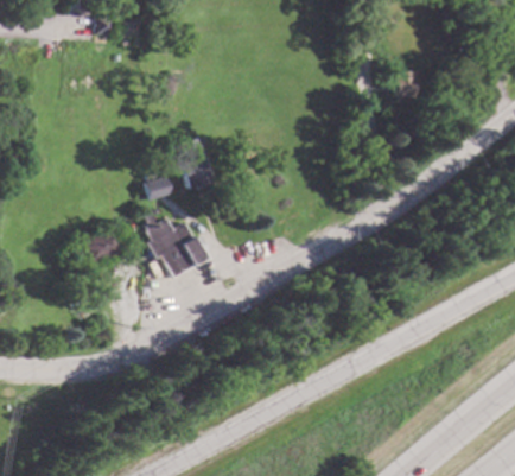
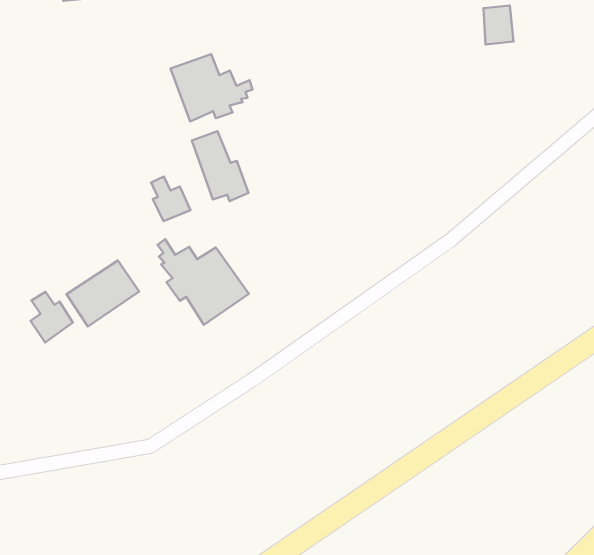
building: none -> [171,54,253,121]
building: none -> [30,292,73,343]

